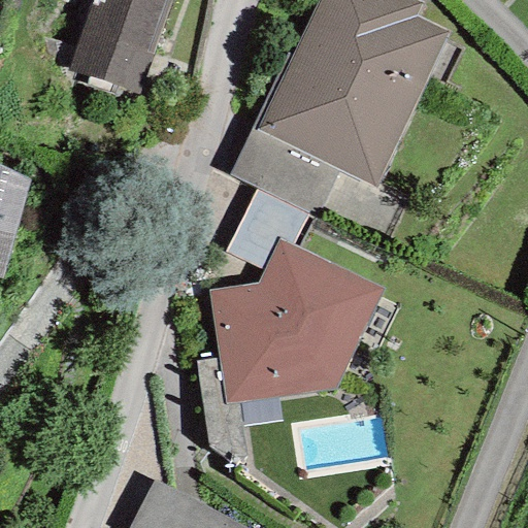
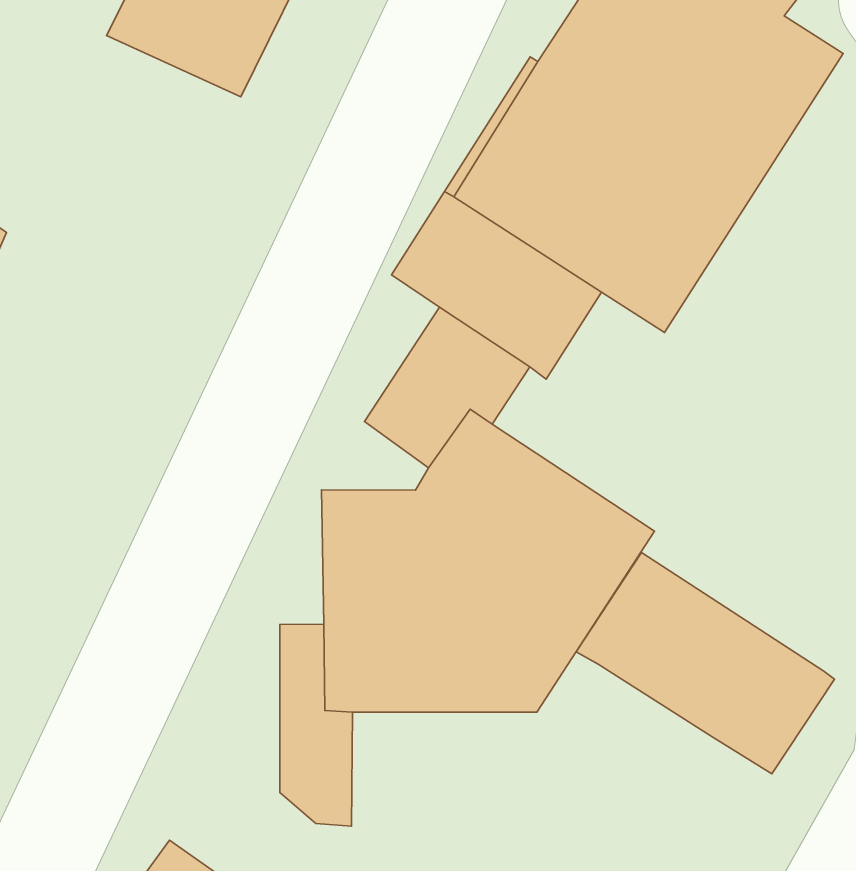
building: none -> [576,553,834,774]

